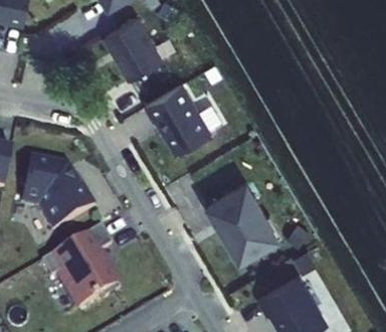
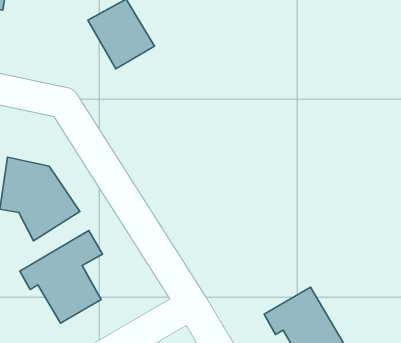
building: [144,80,214,152] -> none
building: [206,181,283,259] -> none

